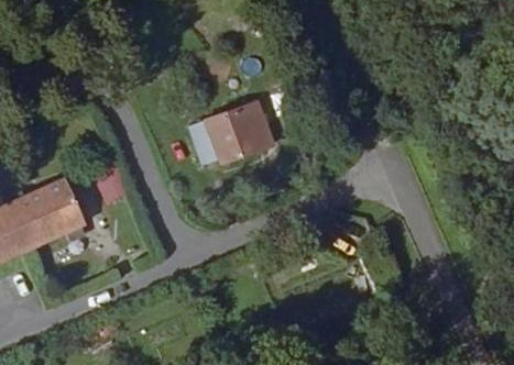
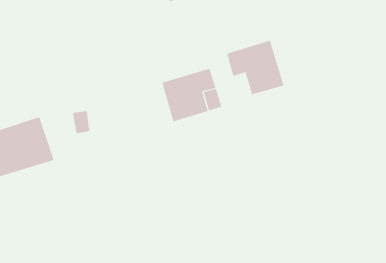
building: none -> [227,40,284,95]

